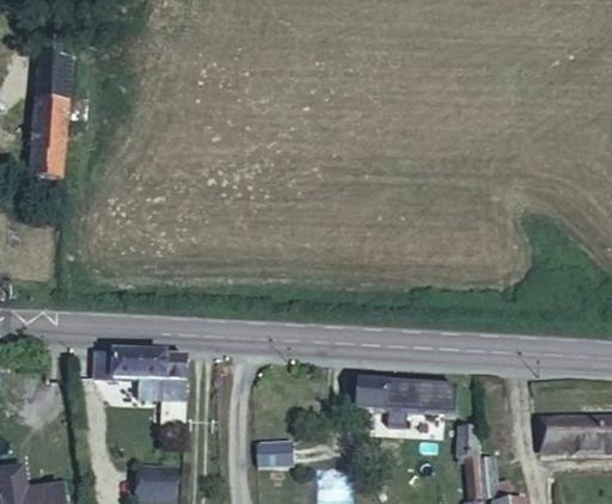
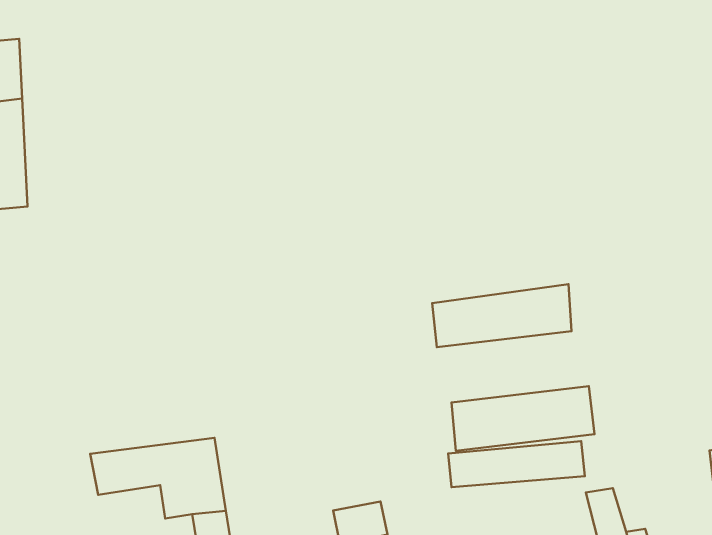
building: none -> [432,284,571,347]

